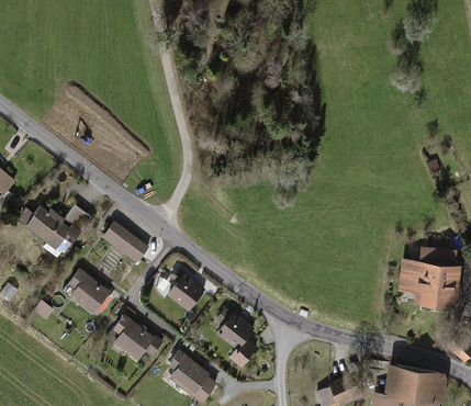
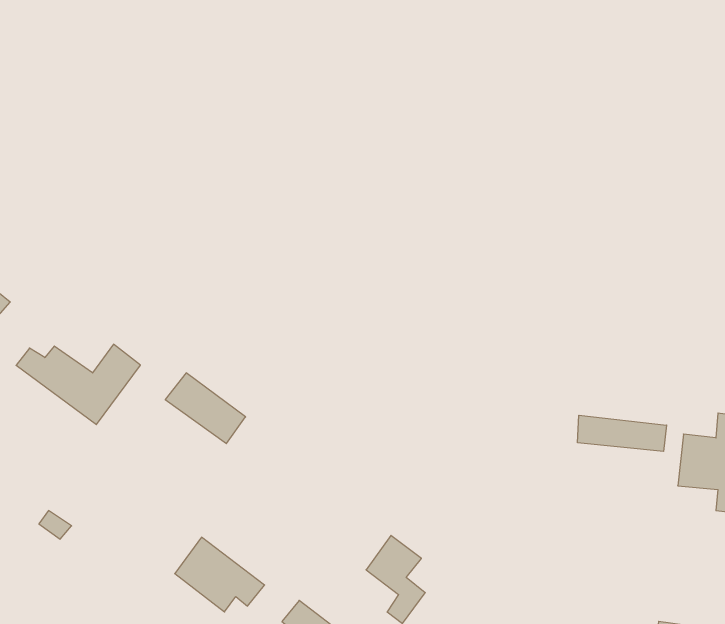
building: none -> [578,415,667,451]
building: [67,272,109,313] -> none
building: [168,274,205,312] -> none

